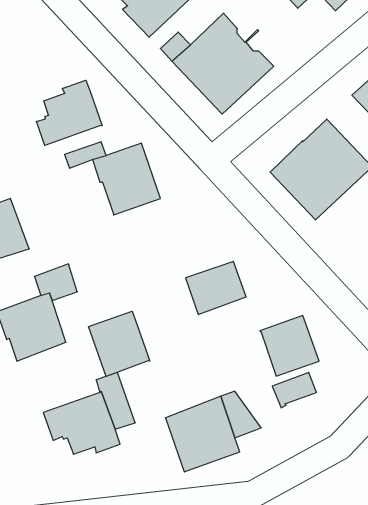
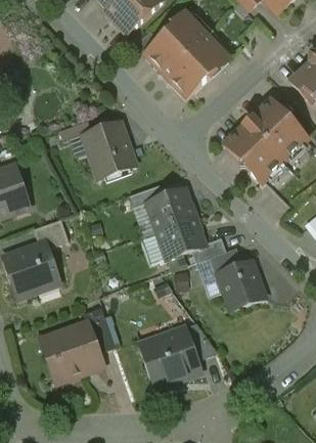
building: [36,80,102,145] -> none
building: none -> [146,187,195,229]
building: [88,311,150,376] -> none
building: [272,372,316,408] -> [207,247,242,275]

